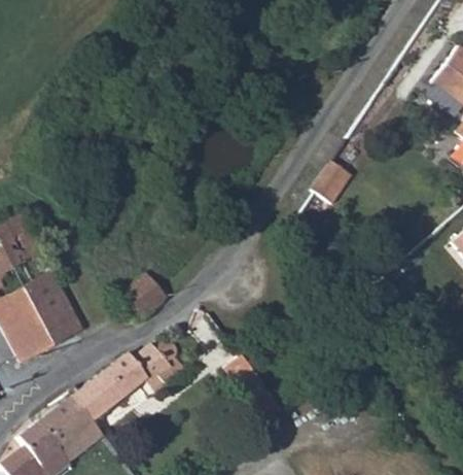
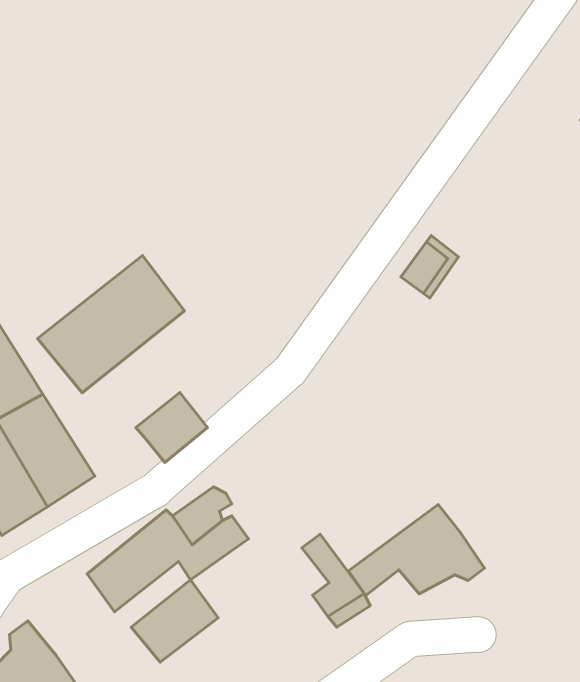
building: none -> [38,255,184,393]
building: none -> [349,504,485,596]
building: [44,391,103,446] -> [131,580,218,662]

